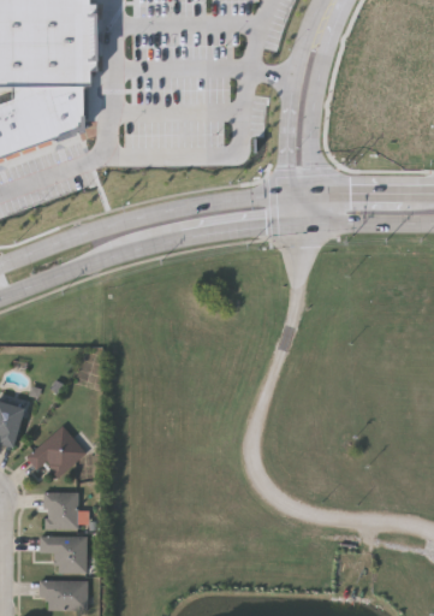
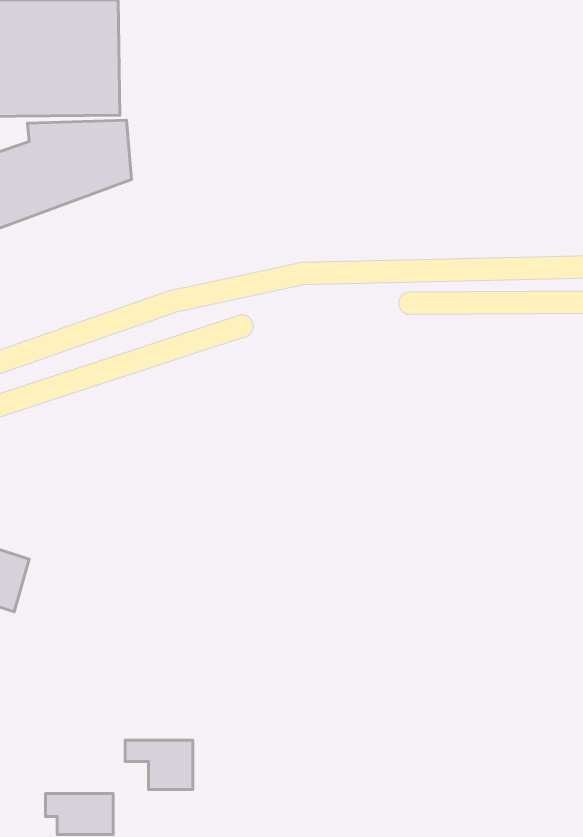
building: [26,425,85,475] -> none
building: [43,491,78,528] -> none
building: [38,535,88,571] -> [125,740,193,790]

